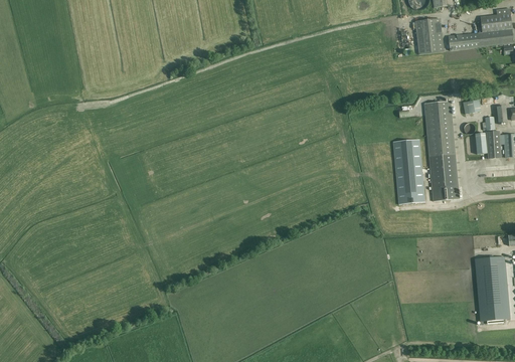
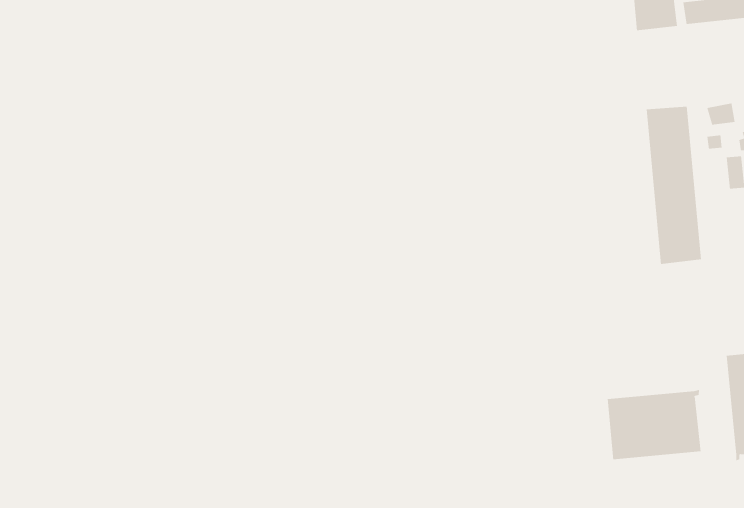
building: [393,139,424,204] -> none
building: none -> [607,389,701,460]

